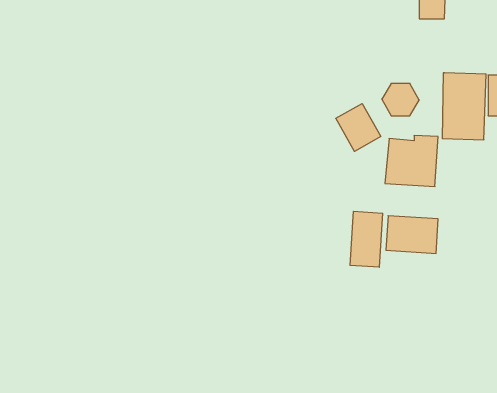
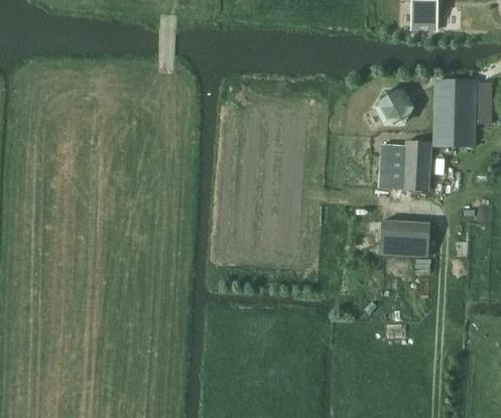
building: [336,104,381,151] -> none
building: [350,211,383,267] -> none

